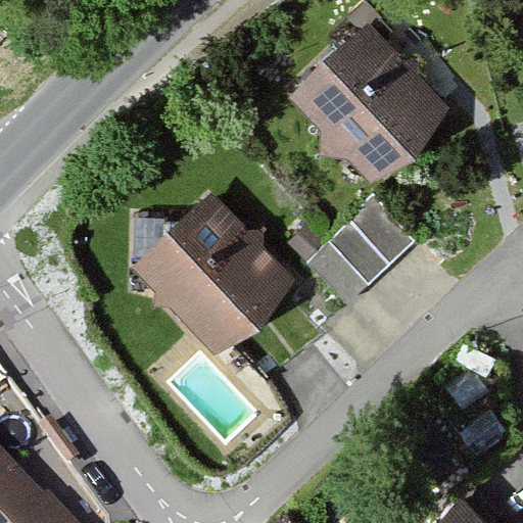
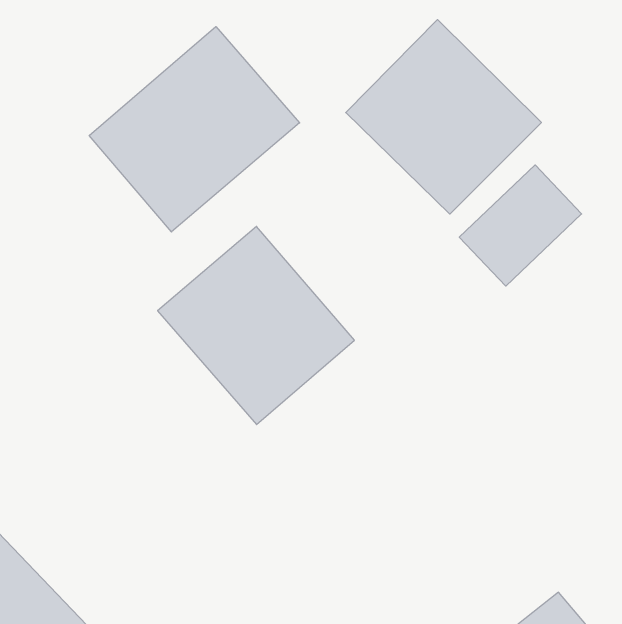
building: none -> [89,27,300,232]
building: [312,201,414,302] -> [459,165,582,286]

